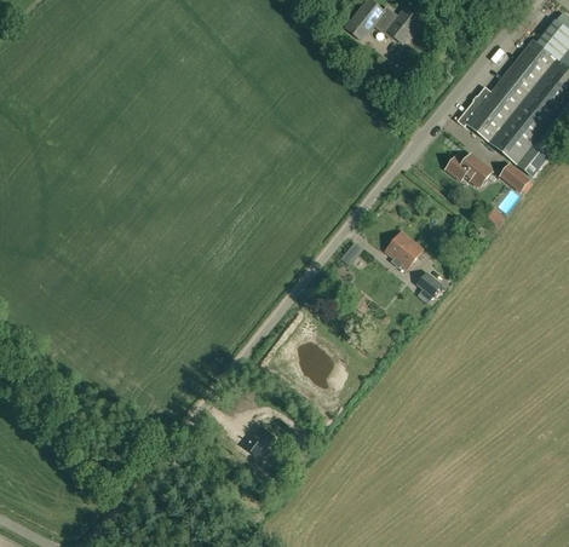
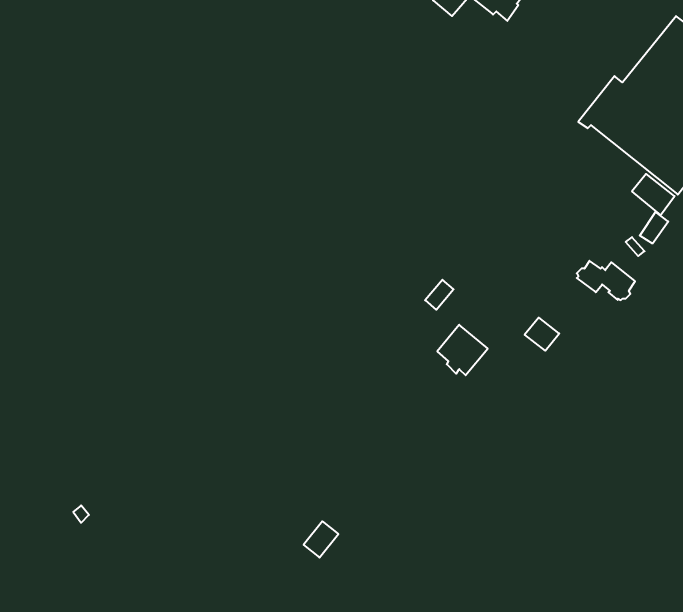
building: [446,155,490,185] -> [577,261,635,300]
building: [384,230,423,269] -> [437,325,488,375]

